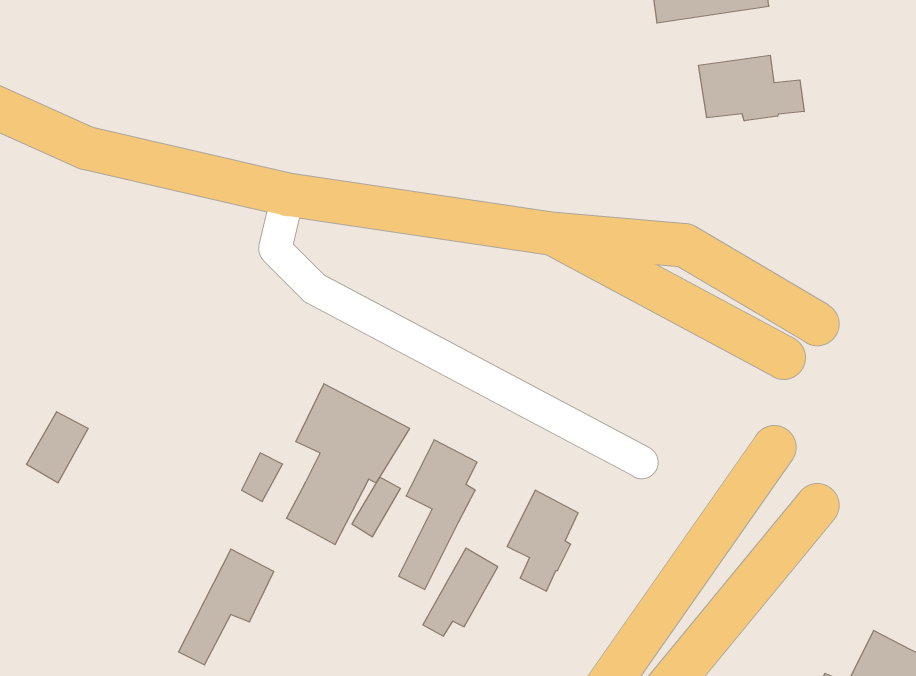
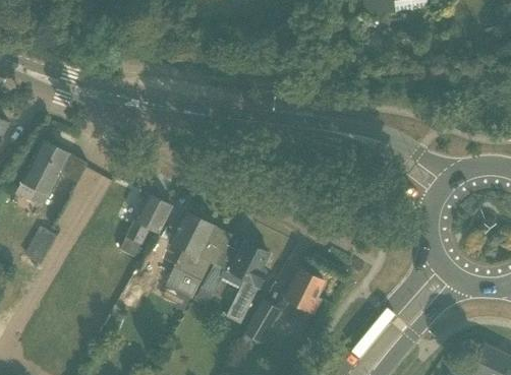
building: [699,55,804,121] -> none
building: none -> [15,139,88,206]
building: [178,549,274,665] -> [120,193,172,256]

